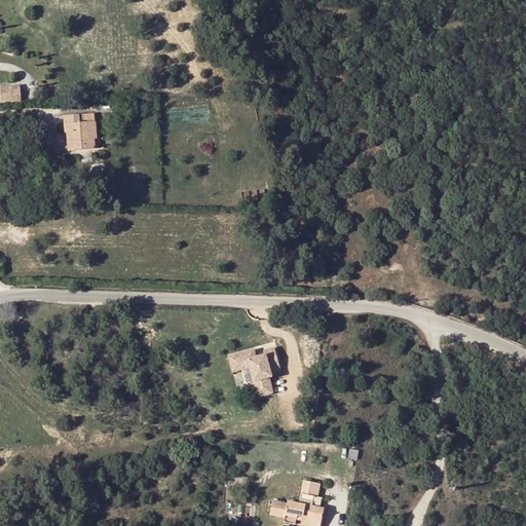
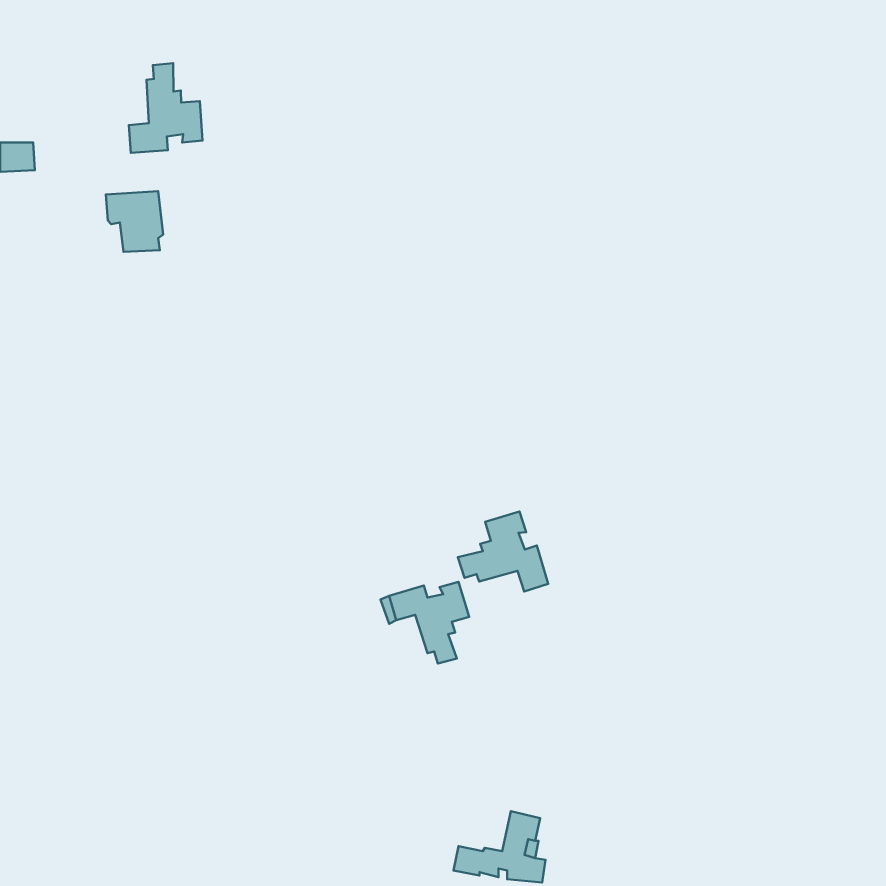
building: none -> [129,63,202,153]
building: none -> [458,511,548,591]

